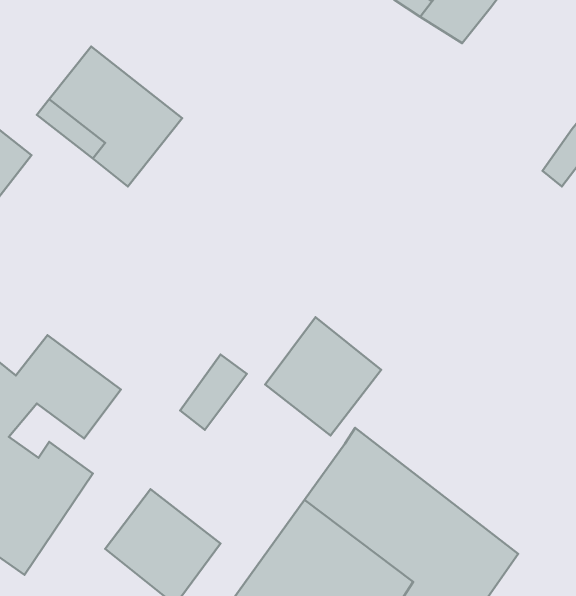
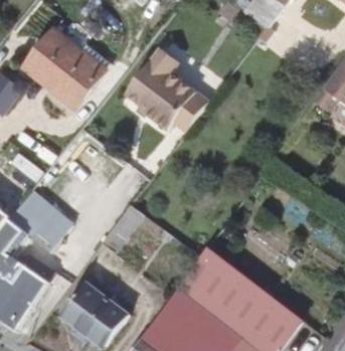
building: none -> [128,49,209,132]
building: [265,317,381,436] -> none

